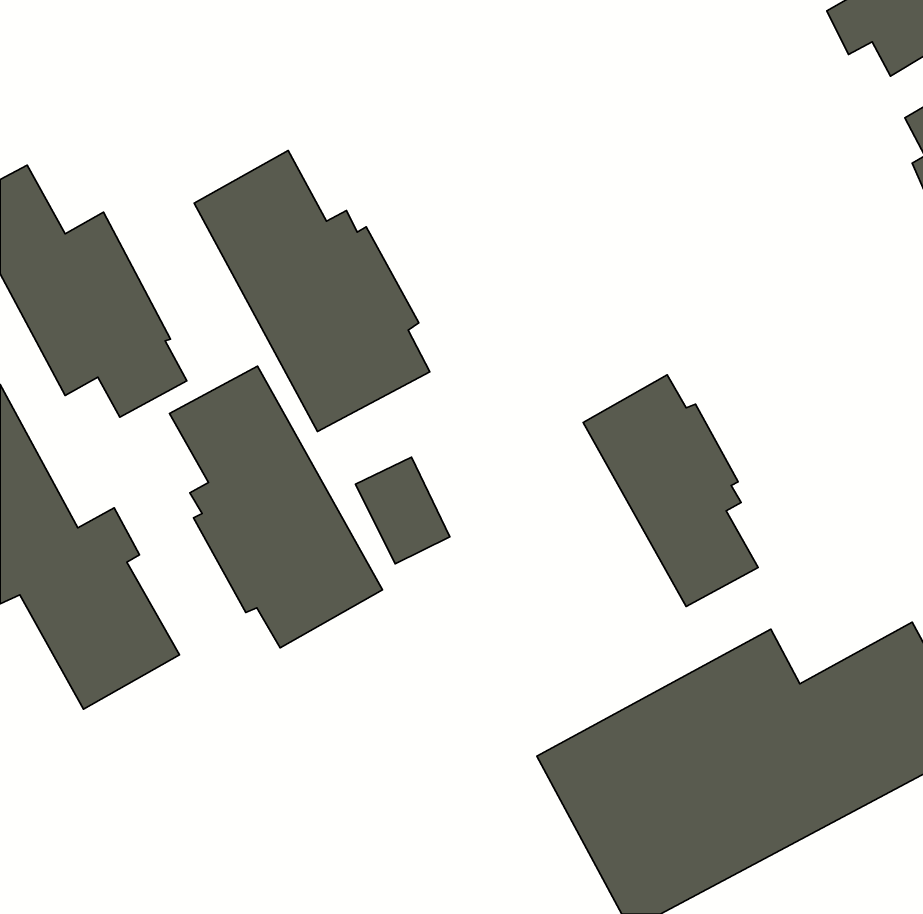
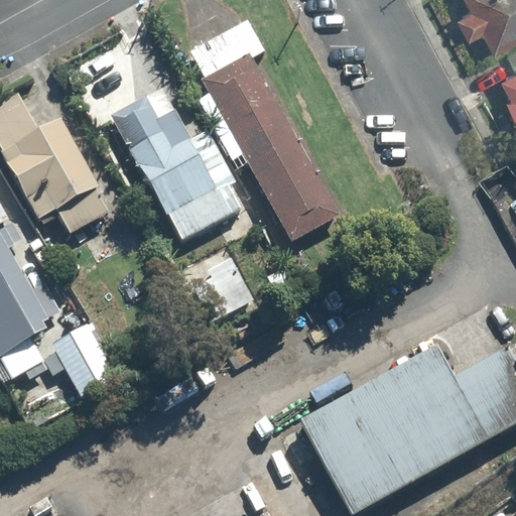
building: none -> [188,16,340,242]
building: [170,366,383,648] -> none
building: [583,375,758,606] -> none

